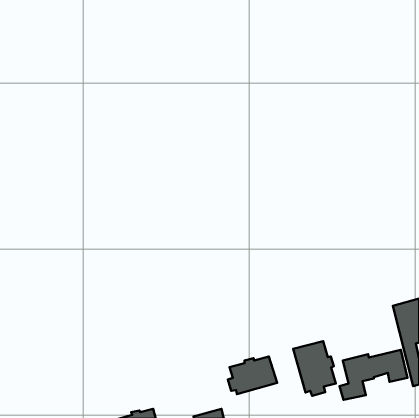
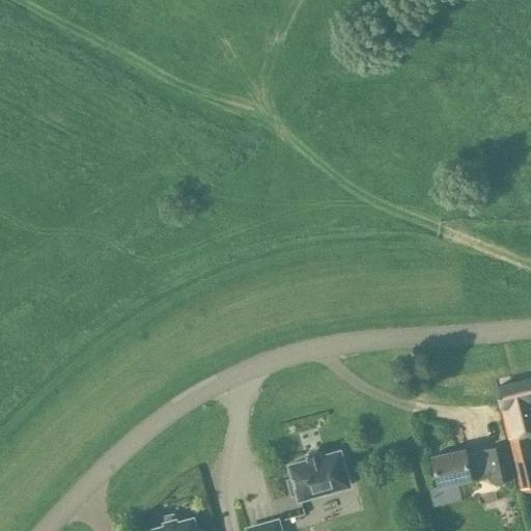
building: [293,341,336,396] -> none

